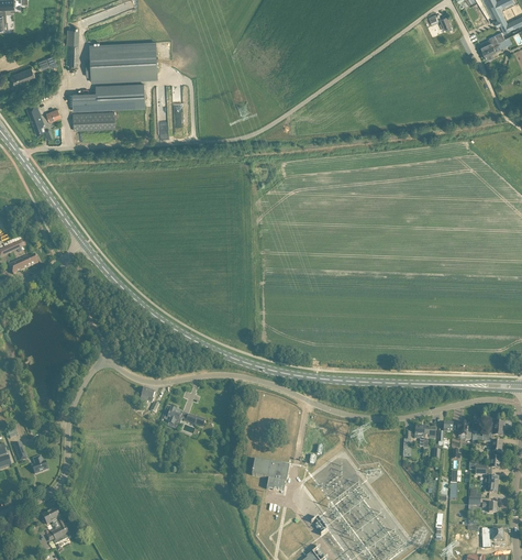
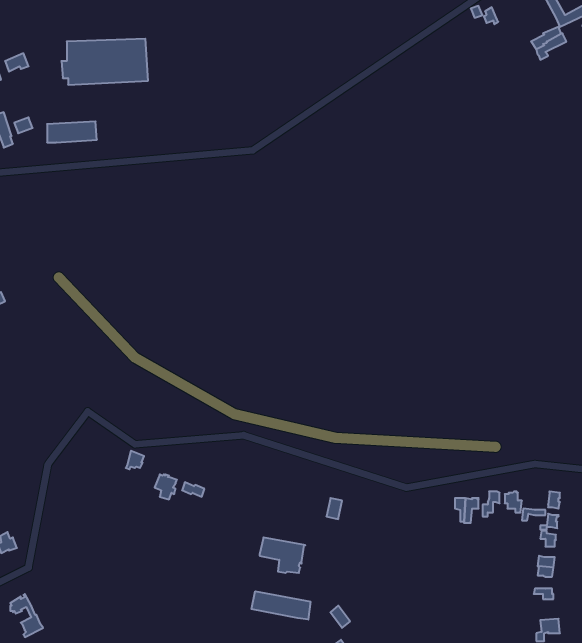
building: [71,84,144,110] -> none
building: none -> [251,591,310,620]

